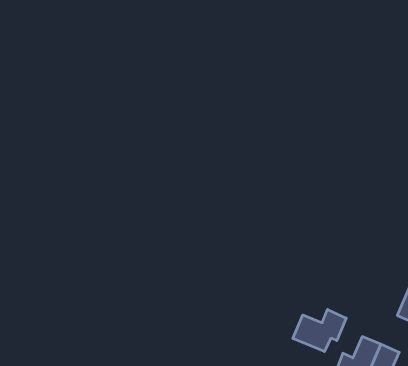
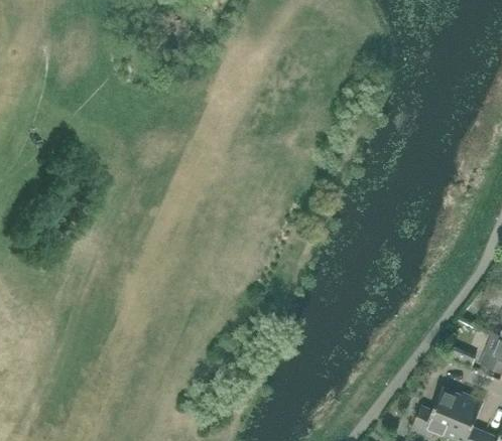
building: [293,309,346,352] -> none

